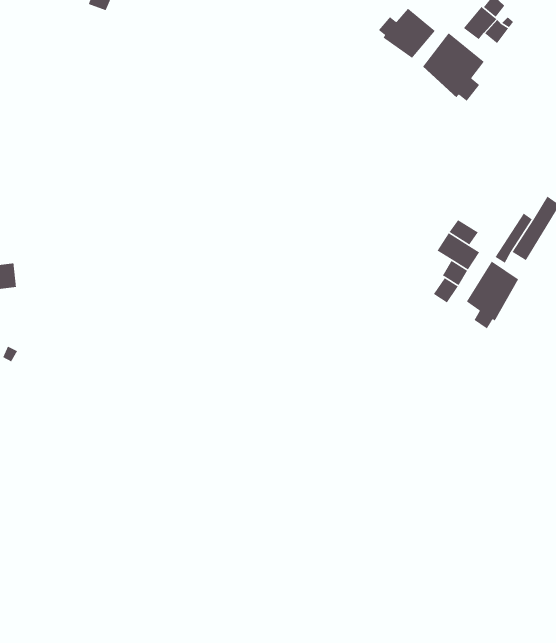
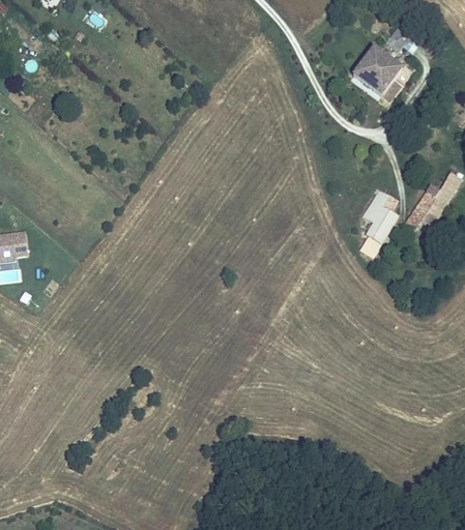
building: [378,8,436,59] -> none
building: [466,261,519,329] -> none

